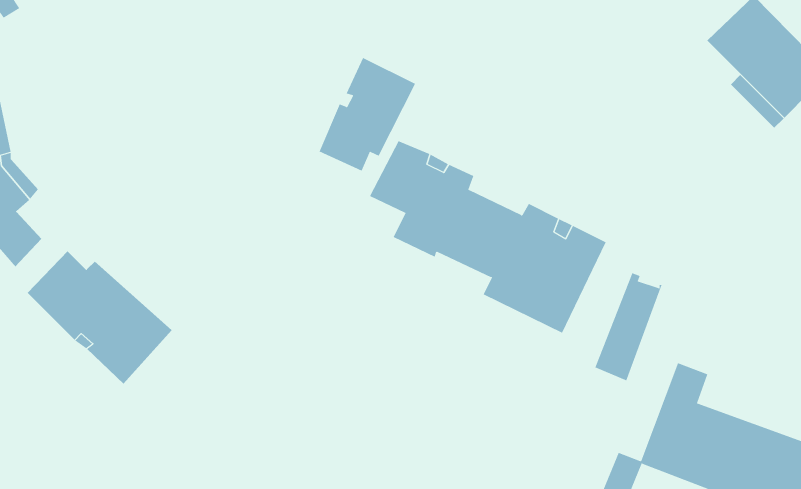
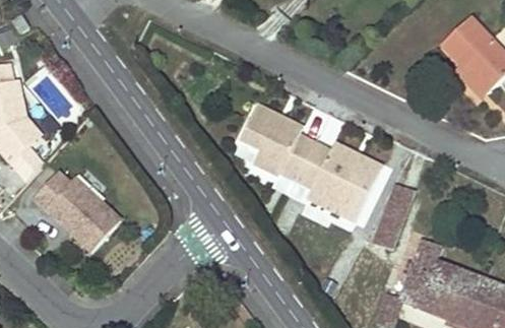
building: [319,57,416,172] -> none

